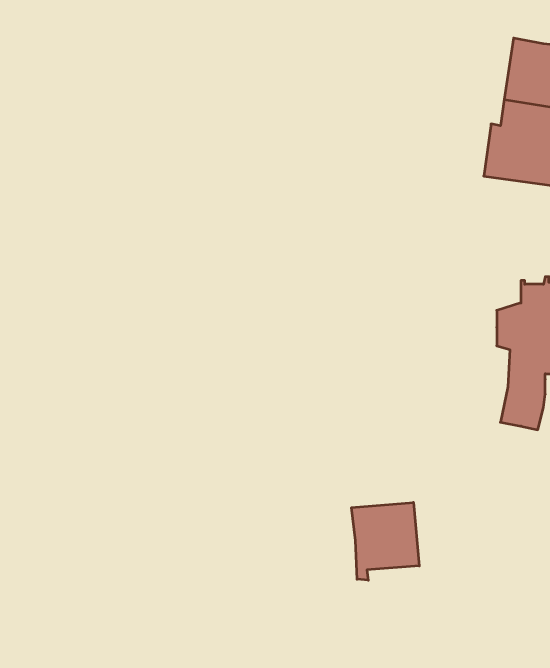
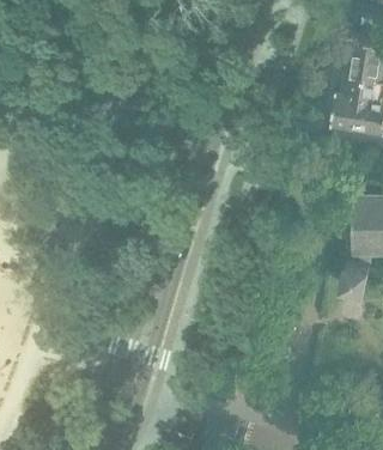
building: [352,502,419,580] -> none

